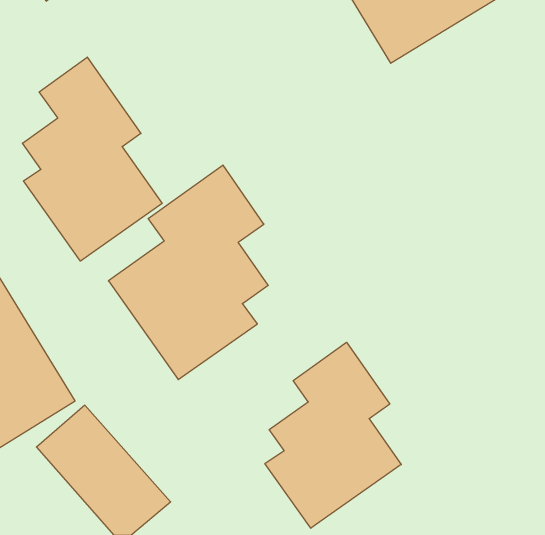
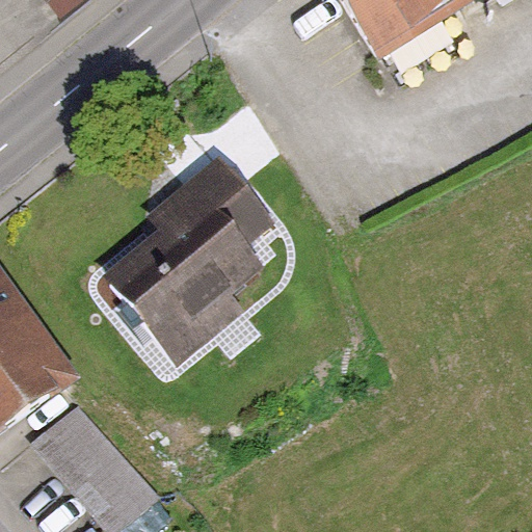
building: [22,57,162,261] -> none
building: [265,342,401,528] -> none

